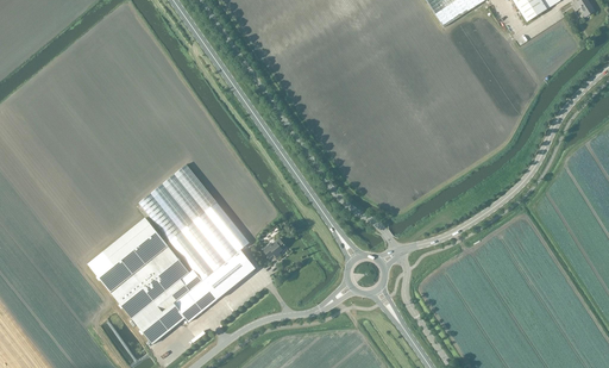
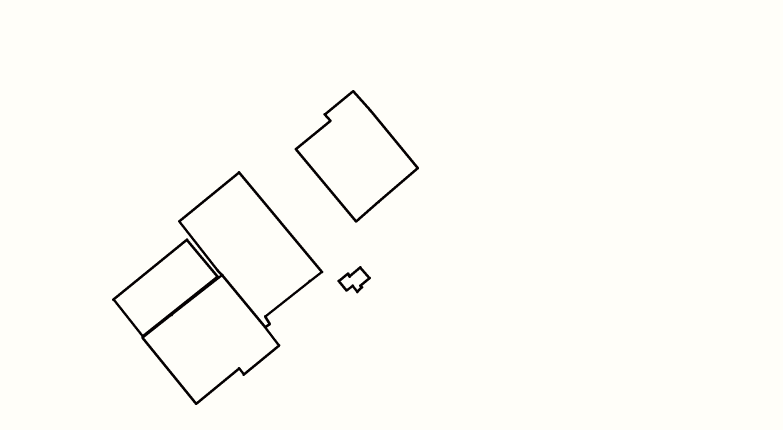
building: none -> [296,91,418,221]
building: [206,249,256,299] -> none

